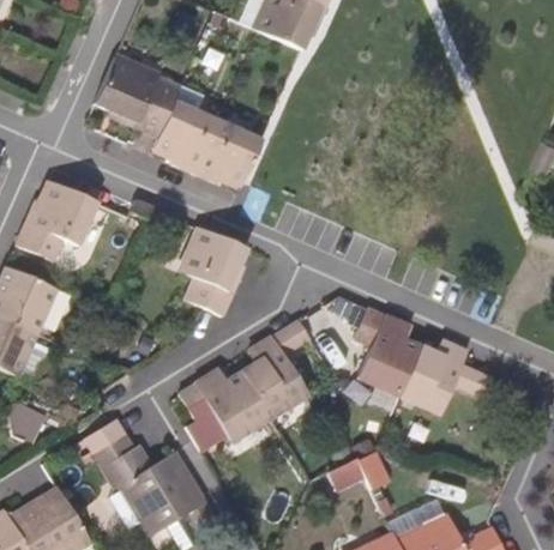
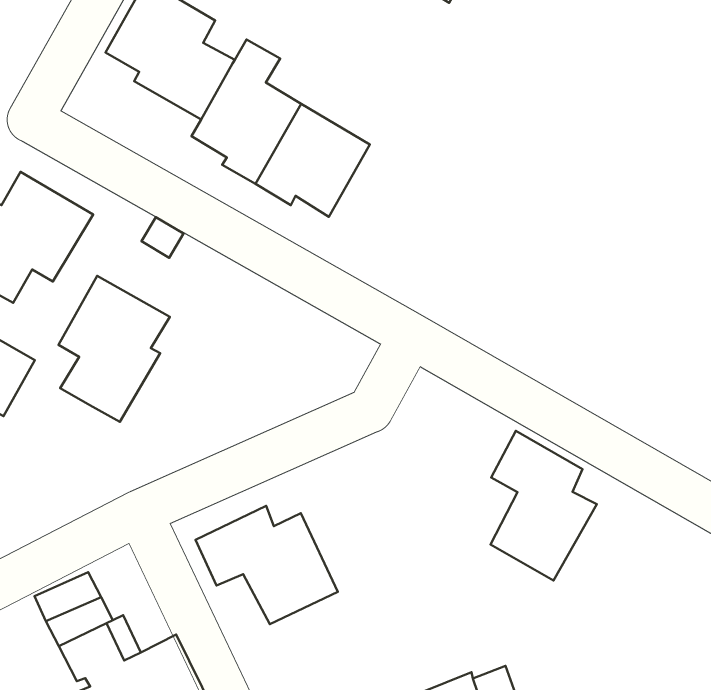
building: [180,228,246,315] -> [59,276,170,422]
building: [241,319,309,416] -> none
building: [399,340,489,413] -> none

